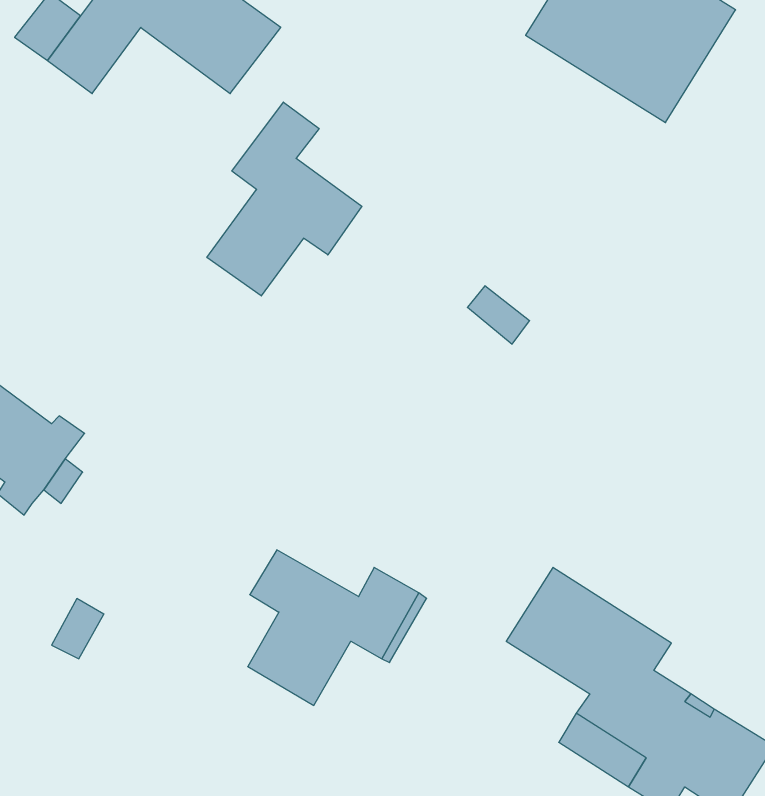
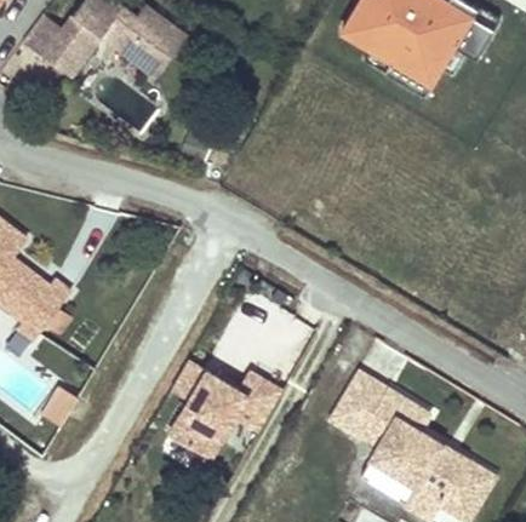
building: [207,102,362,296] -> none

